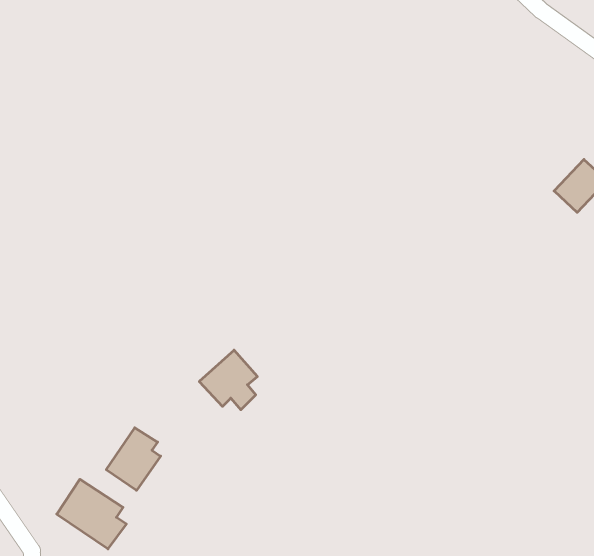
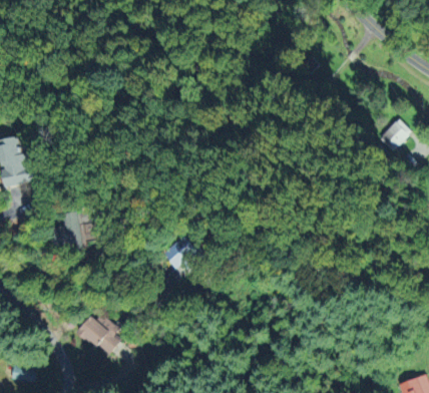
building: none -> [56,212,86,248]
building: [106,428,161,490] -> none

